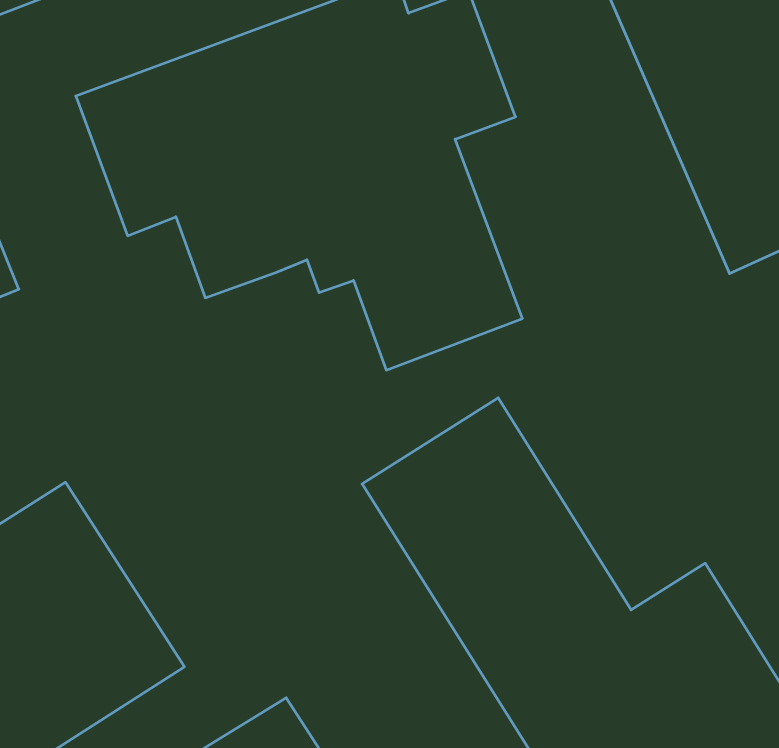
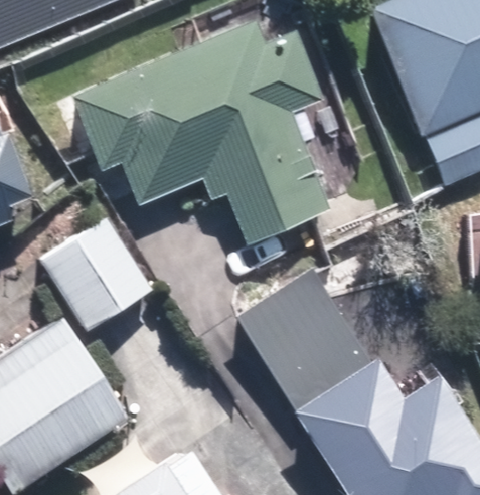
building: none -> [36,211,152,331]

